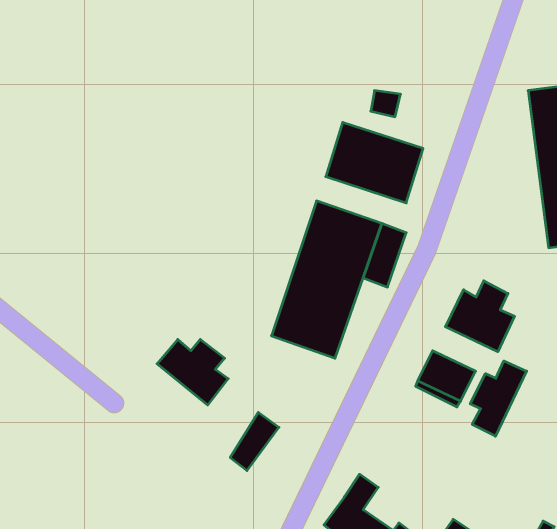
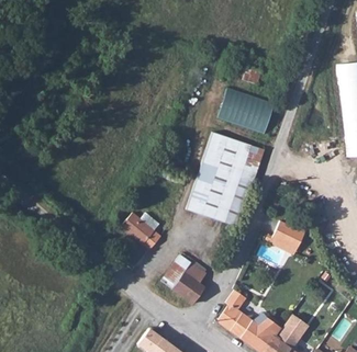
building: [445,281,514,352] -> none
building: [470,361,527,436] -> none
building: none -> [174,263,207,303]

